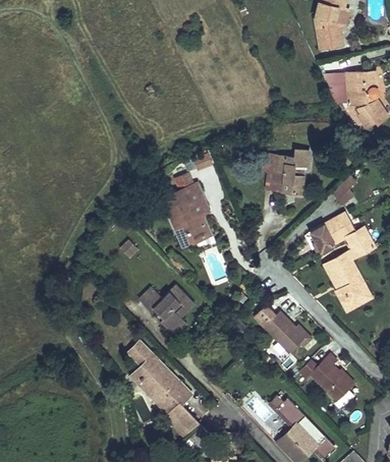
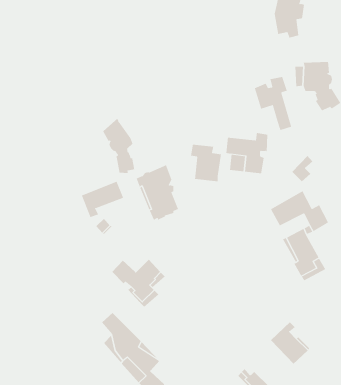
building: none -> [254,76,292,131]
building: none -> [102,118,135,174]
building: none -> [190,144,222,182]
building: none -> [81,181,124,218]
building: [266,310,305,351] -> none

